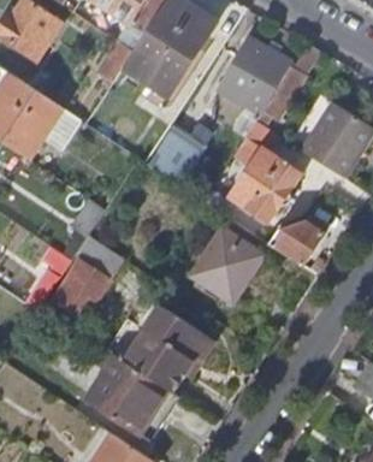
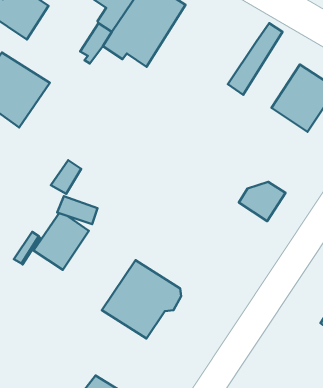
building: [215,38,292,114] -> none
building: [231,122,301,221] -> none
building: [153,125,205,177] -> none
building: [193,227,265,301] -> none
building: [88,357,177,438] -> none

